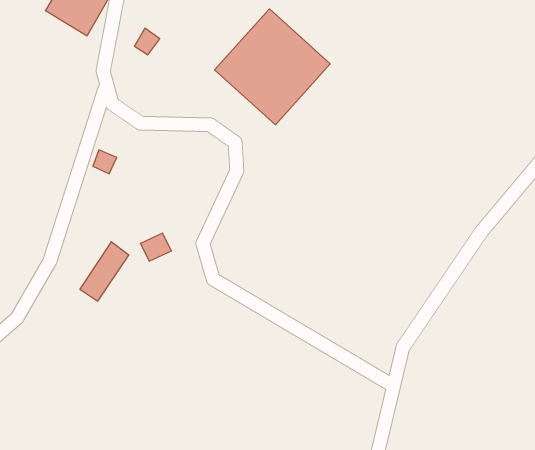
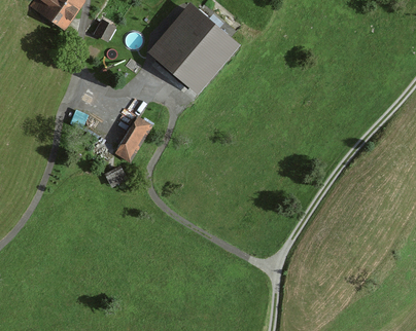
building: [80,242,129,301] -> [114,115,148,156]

